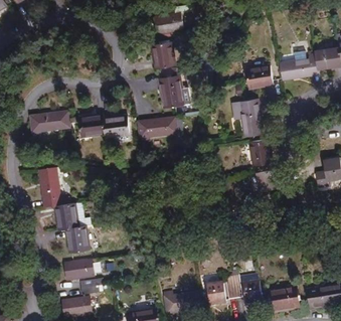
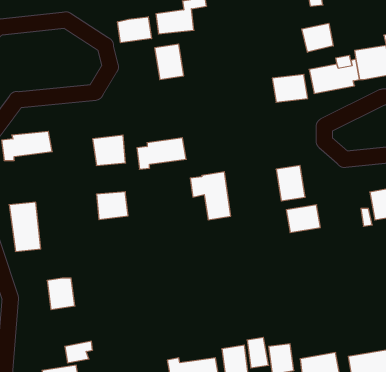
building: none -> [118,17,152,43]
building: none -> [302,23,333,52]
building: [158,75,184,107] -> none
building: [230,99,263,137] -> [190,172,231,220]
building: [79,115,105,137] -> [96,192,128,220]
building: [53,203,78,230] -> none
building: [64,259,94,281] -> none

